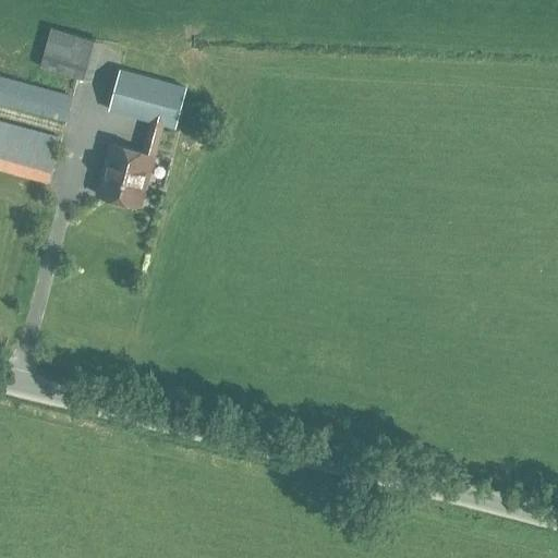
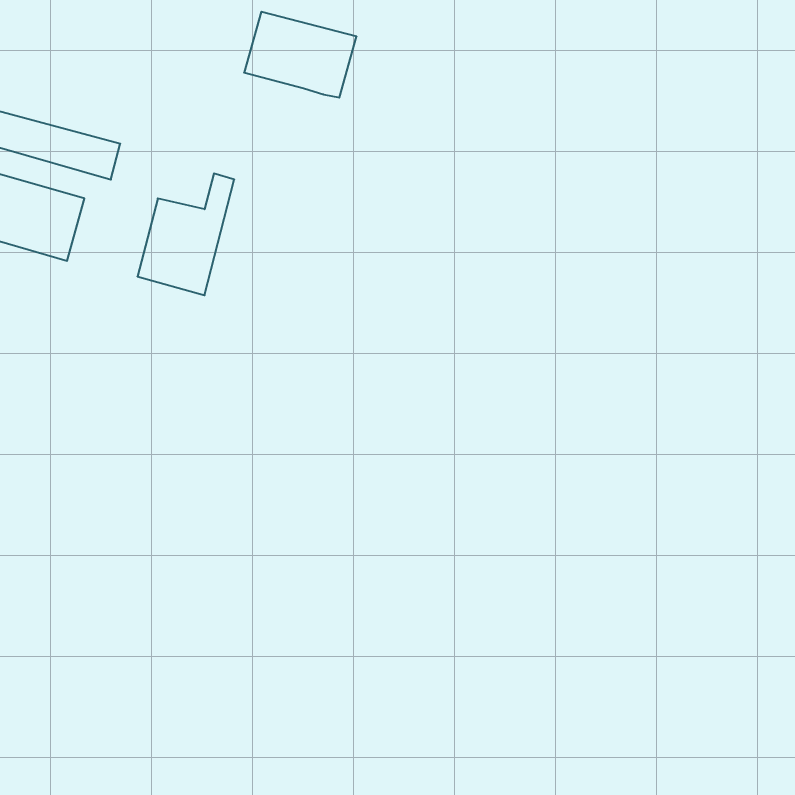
building: [33,27,87,76] -> none
building: [108,68,186,128] -> [244,12,357,98]

